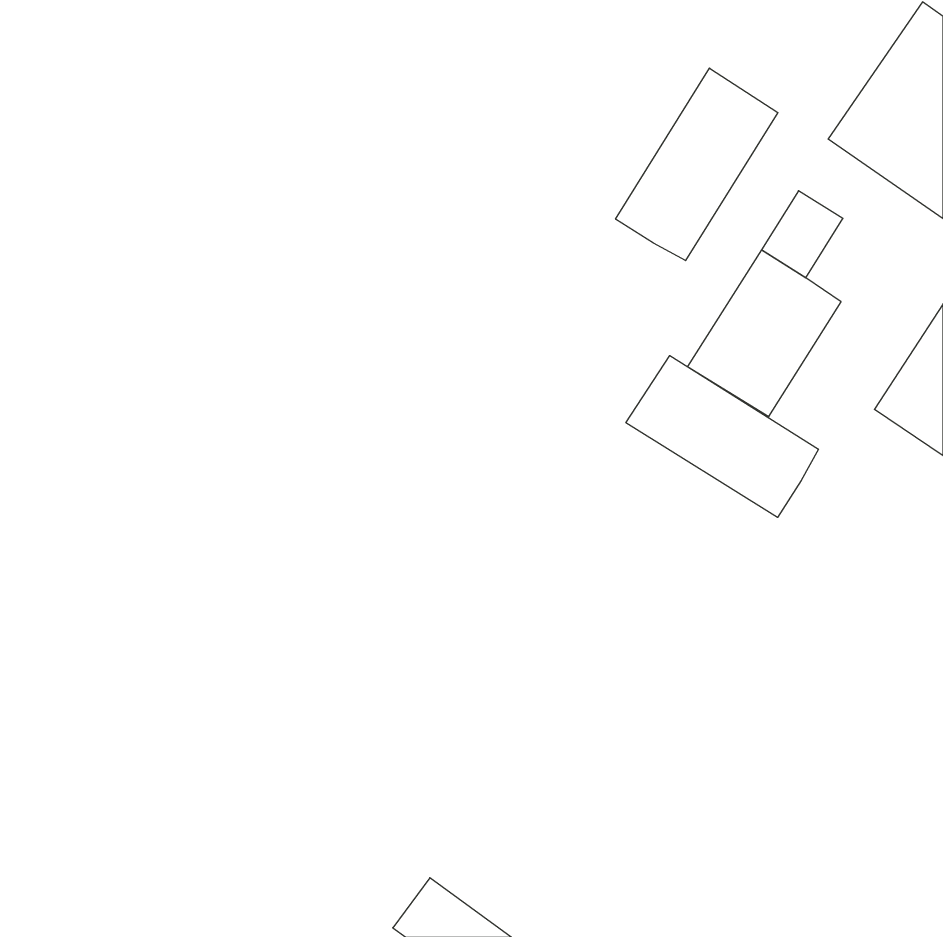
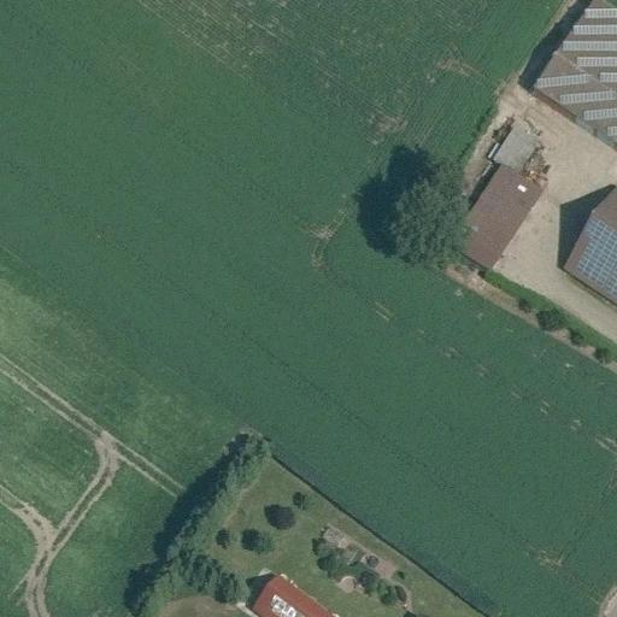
building: [616,68,778,261] -> none
building: [626,356,818,517] -> none

